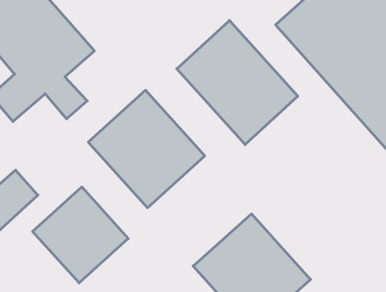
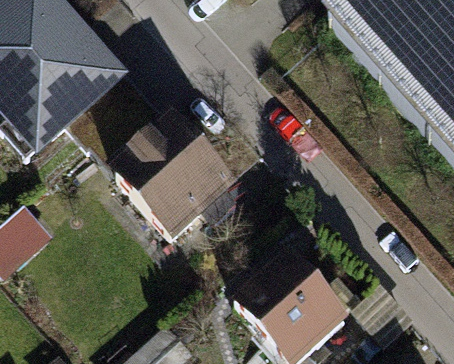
building: [177,20,298,145] -> none
building: [33,187,128,283] -> none

